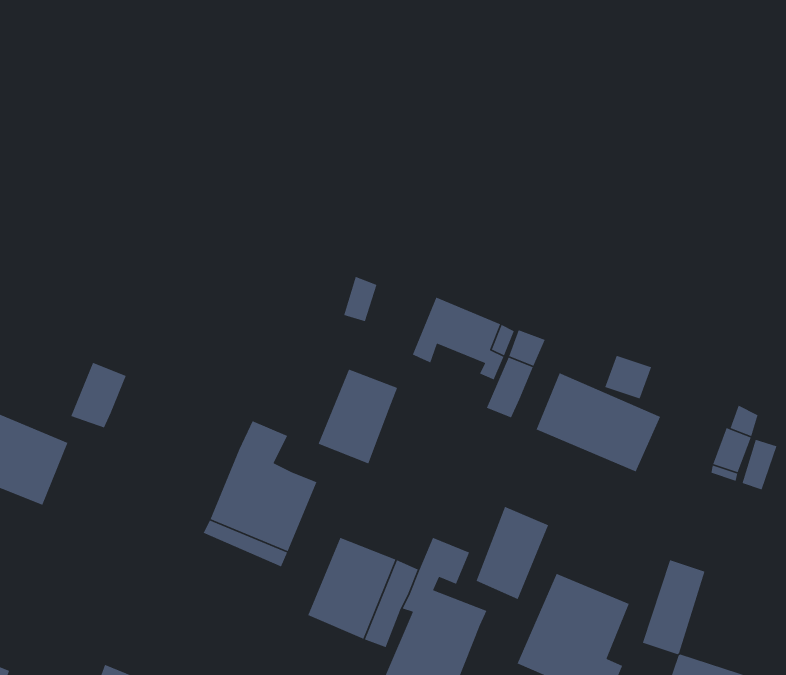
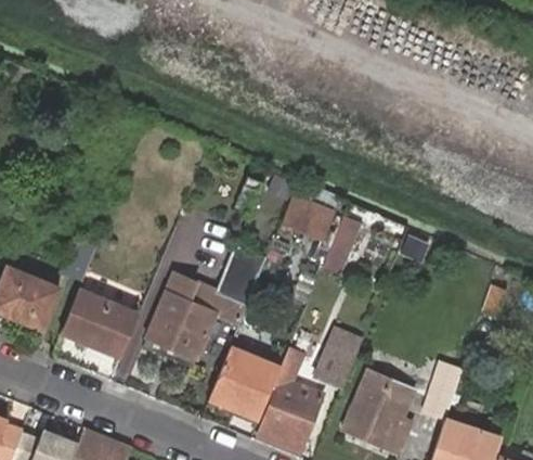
building: [536,372,661,473] -> none
building: none -> [188,283,248,322]
building: none -> [62,290,138,355]

